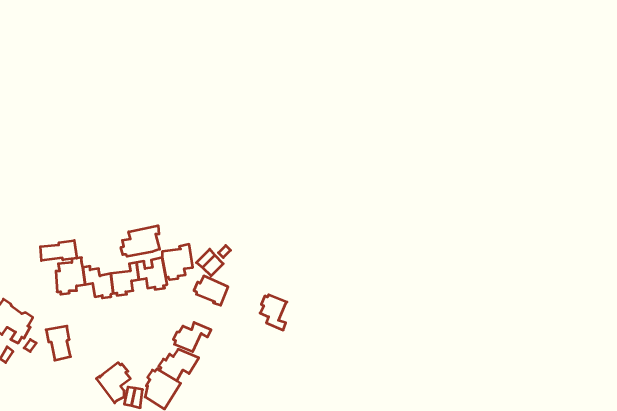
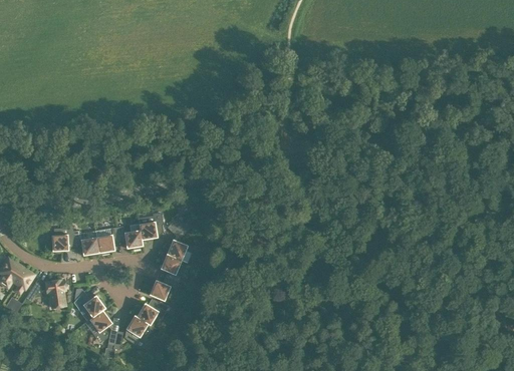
building: [121,226,160,256] -> none
building: [40,240,77,261] -> none
building: [260,295,287,330] -> [159,254,181,283]
building: none -> [72,291,104,322]

